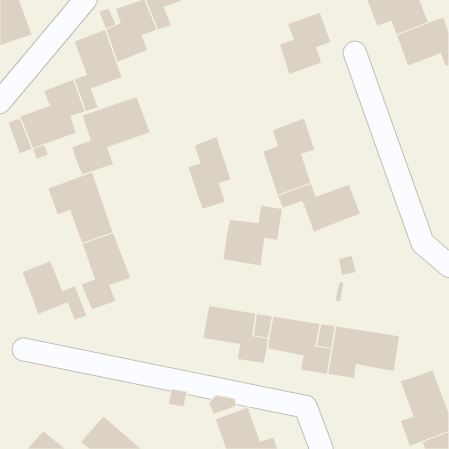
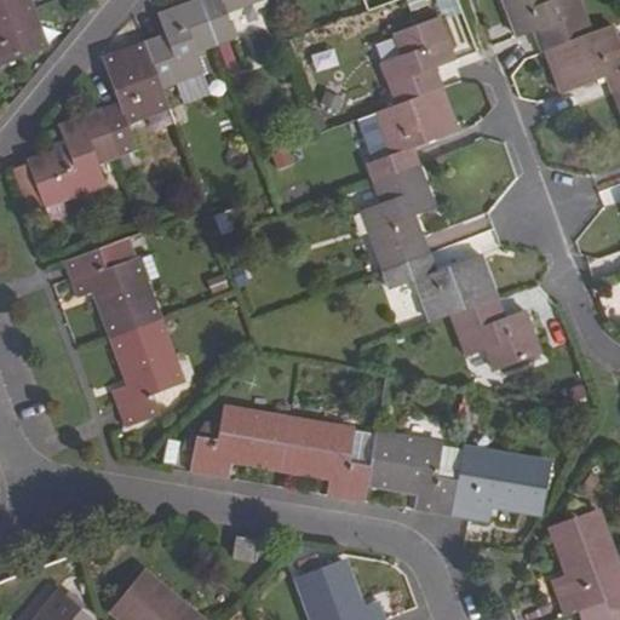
building: none -> [368,86,459,179]
building: [72,96,150,175] -> none
building: [187,136,231,210] -> none
building: [223,205,283,266] -> none
building: none -> [452,294,540,368]
building: [22,261,87,321] -> none
building: none -> [188,408,287,477]

